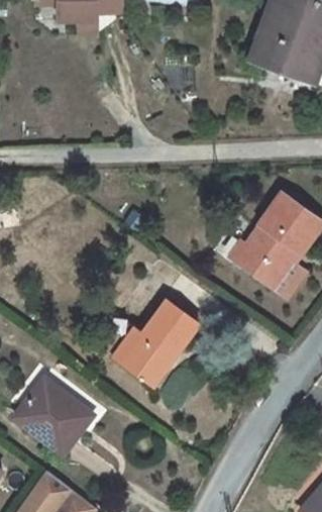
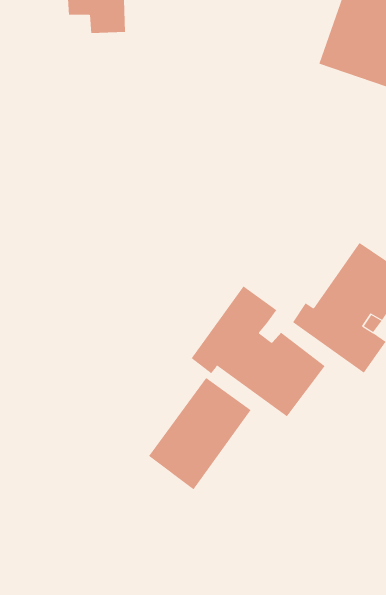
building: none -> [191,286,326,417]
building: [15,380,93,453] -> none

